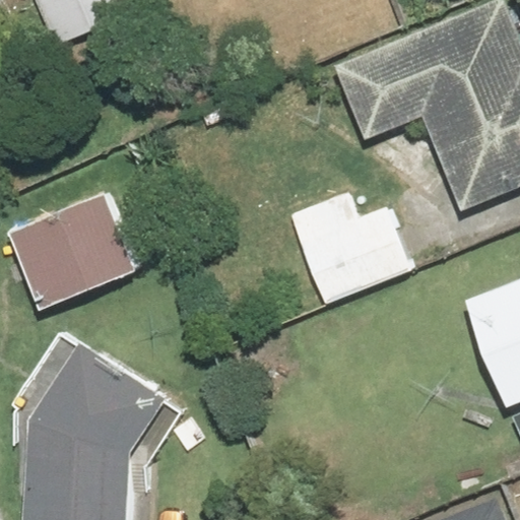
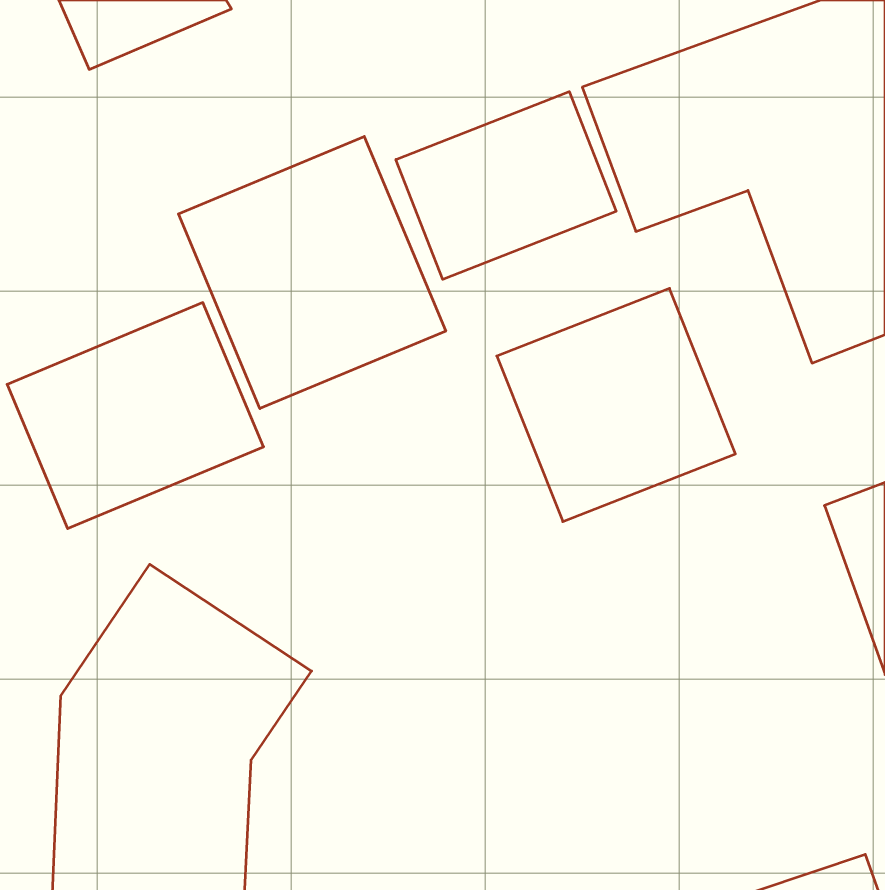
building: none -> [396,92,616,279]
building: none -> [178,136,446,409]

